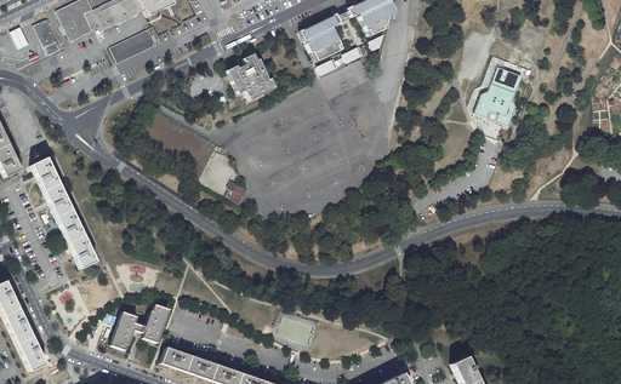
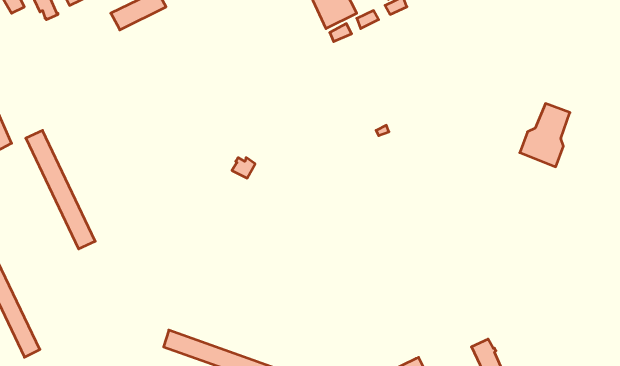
building: [228,55,277,101] -> none
building: [475,67,523,126] -> [520,104,570,167]
building: [112,304,171,349] -> none

